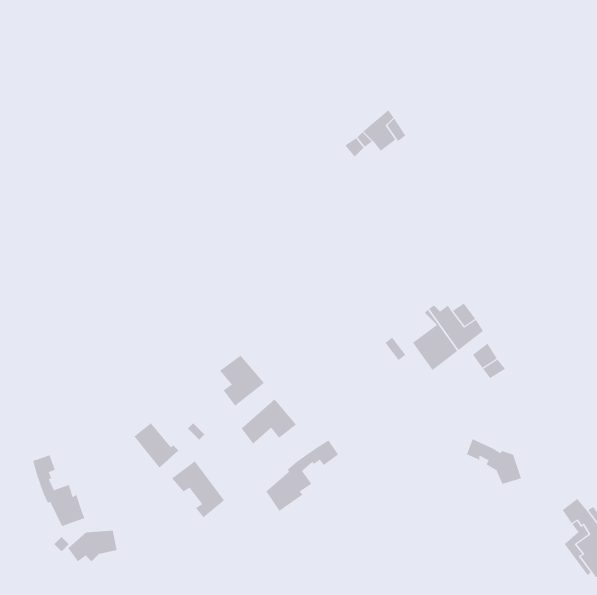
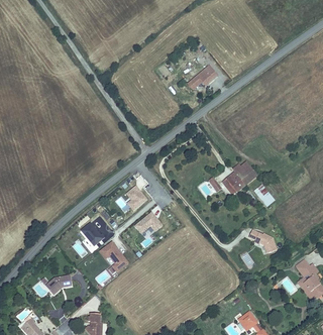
building: [265,439,339,512] -> none
building: [32,455,85,527] -> none

